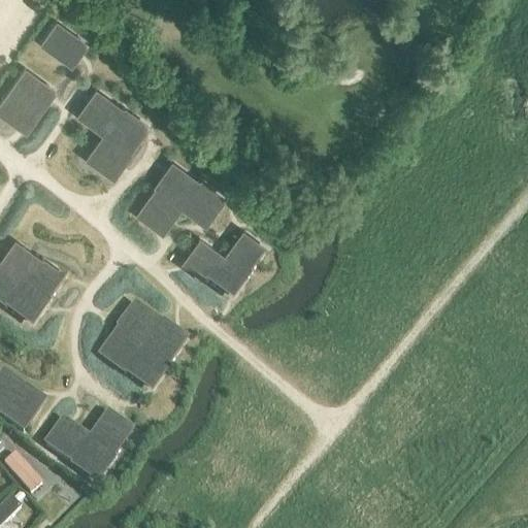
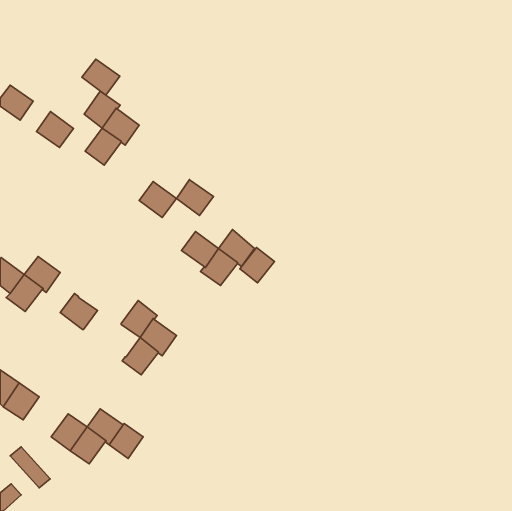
building: [41,21,80,58] -> [82,59,120,95]
building: [10,67,48,104] -> [36,111,74,148]
building: [162,166,199,204] -> none
building: [5,245,42,283] -> none
building: none -> [240,247,275,283]
building: [106,330,144,367] -> [60,294,97,330]
building: none -> [109,424,143,458]

